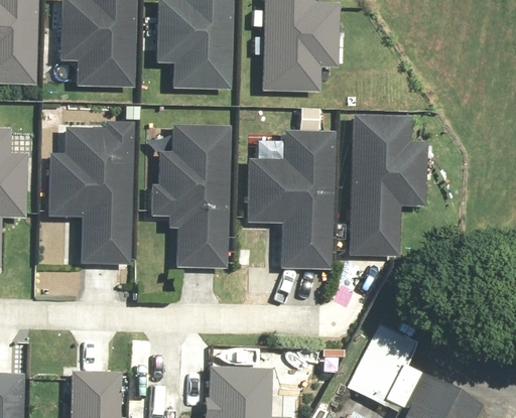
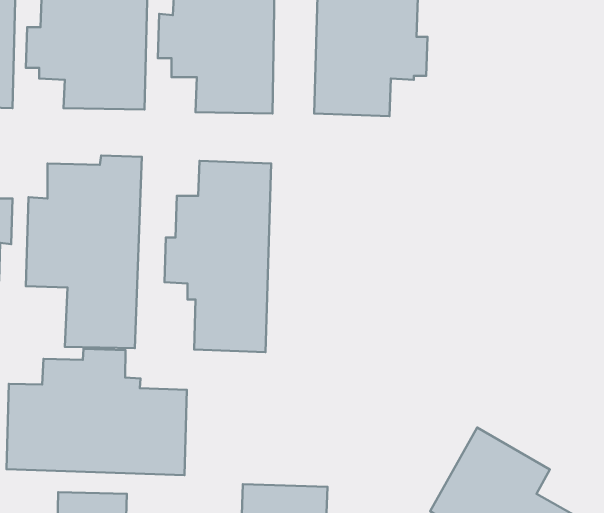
building: [352,115,434,255] -> none
building: [247,126,333,268] -> none
building: none -> [7,349,187,475]

